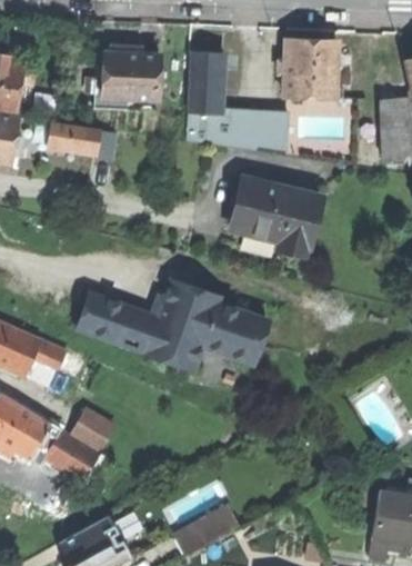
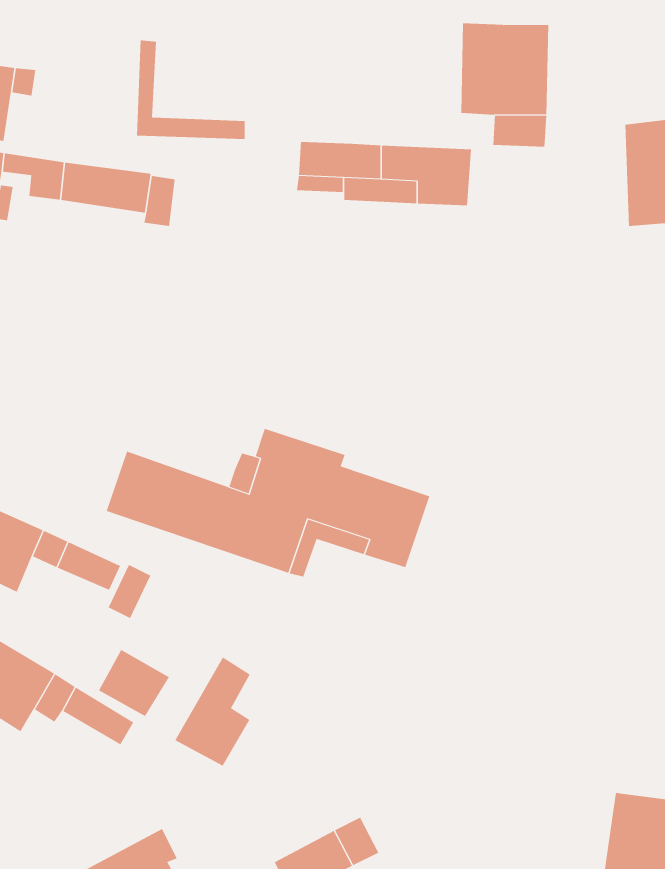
building: [104,51,161,98] -> none
building: [191,51,224,111] -> none
building: [232,177,321,256] -> none
building: none -> [175,657,251,767]

